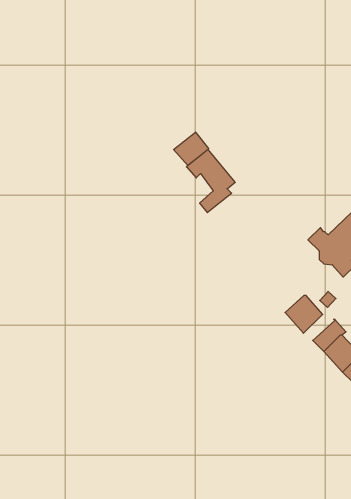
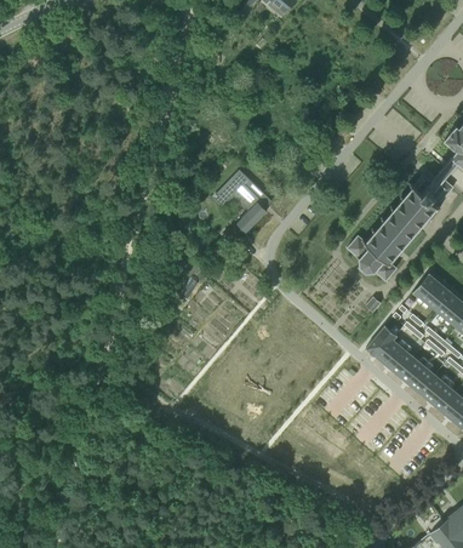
building: [174,132,209,165] -> none
building: [285,295,323,333] -> none

